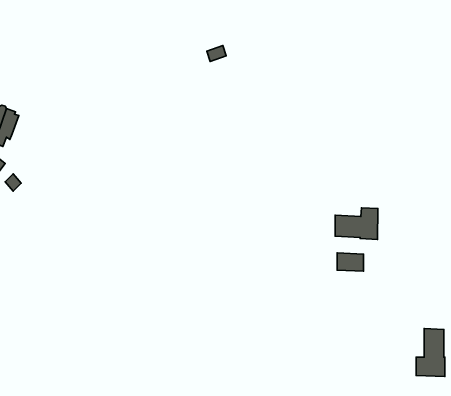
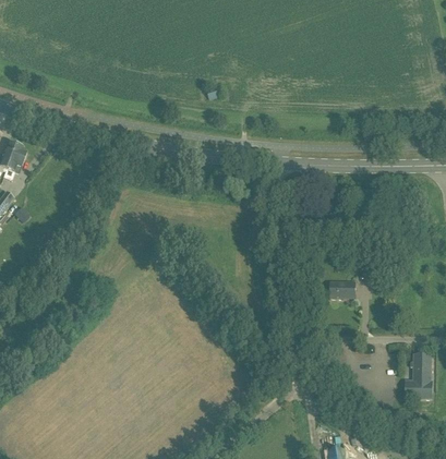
building: [335,208,378,239] -> none

